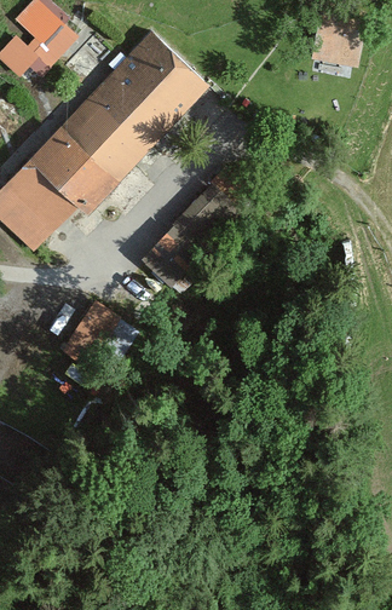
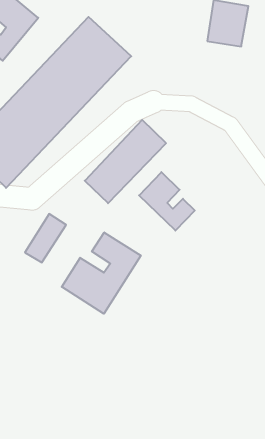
building: none -> [139,172,195,231]
building: none -> [62,232,141,314]

